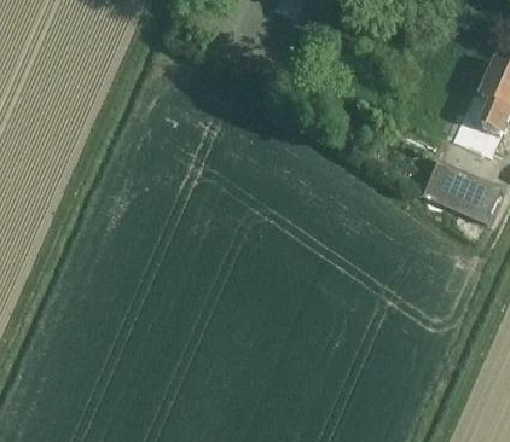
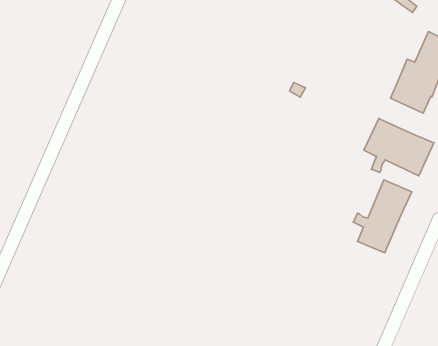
building: none -> [353,180,412,253]

